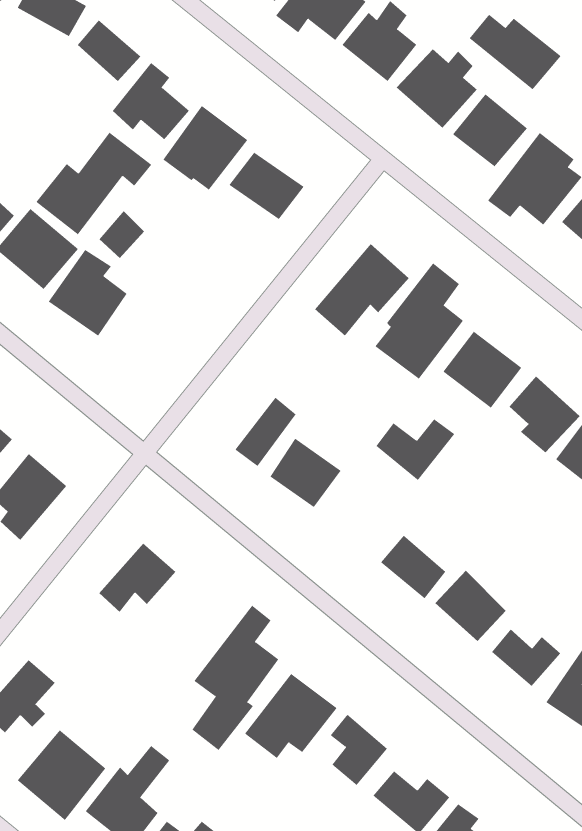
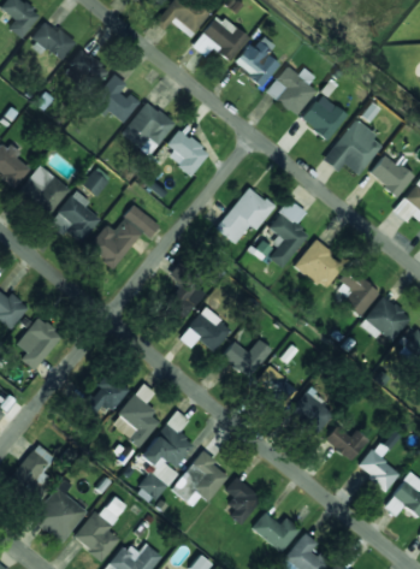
building: [469,14,562,90] -> none
building: [35,132,152,235] -> [88,205,160,268]
building: [376,419,455,481] -> [223,339,272,378]
building: none -> [112,383,160,446]

